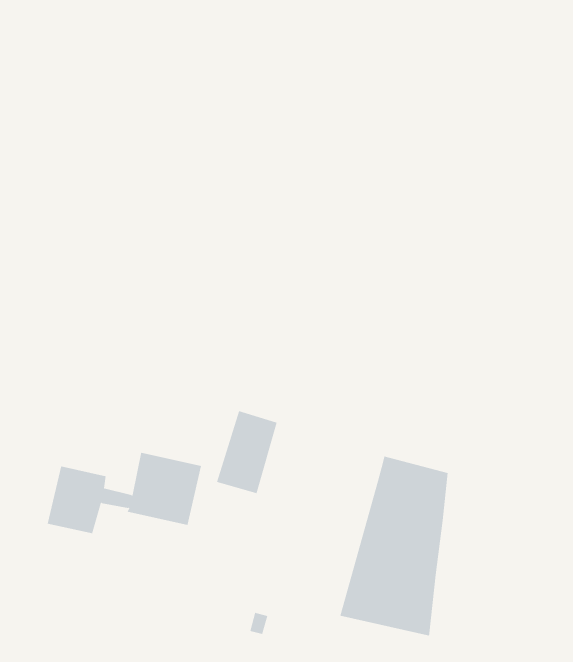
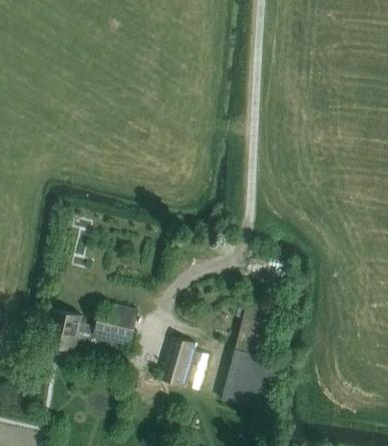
building: [216,411,278,494] -> [159,337,196,386]

